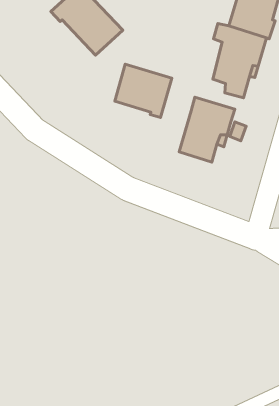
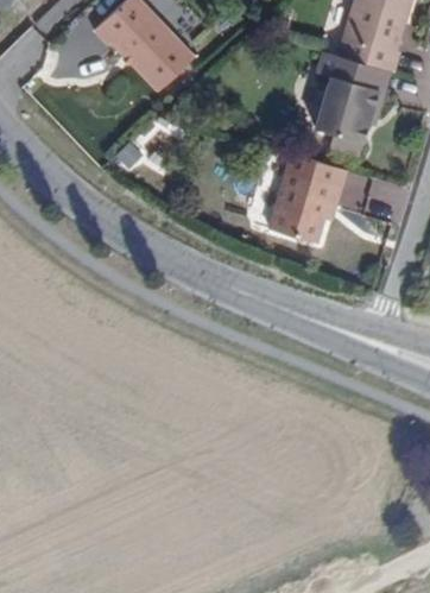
building: [115,64,172,117] -> none

